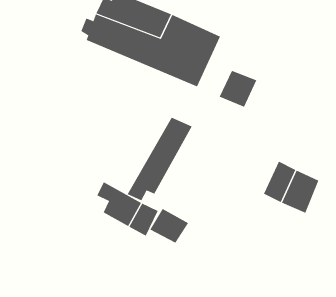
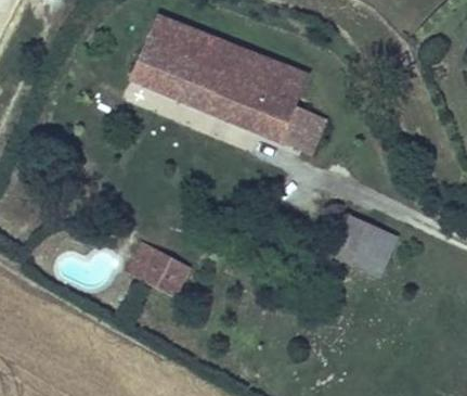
building: none -> [251,64,307,138]
building: [127,117,193,201] -> none
building: [150,208,189,244] -> none

